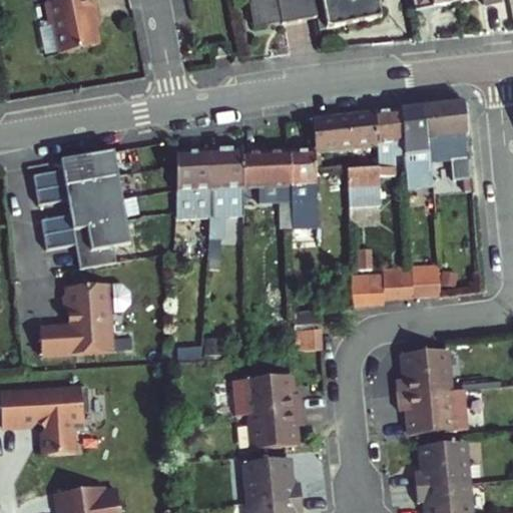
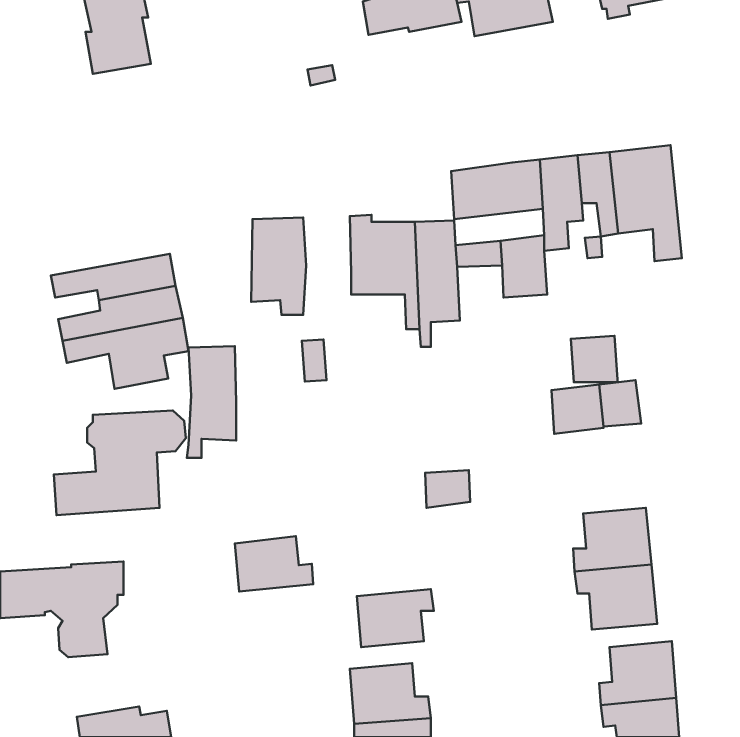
building: [209,149,243,226] -> [187,346,236,458]
building: [33,150,118,190] -> none
building: [352,270,384,302] -> [571,336,617,382]
building: [244,374,299,412] -> [235,536,313,591]

